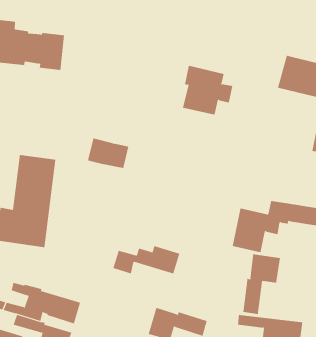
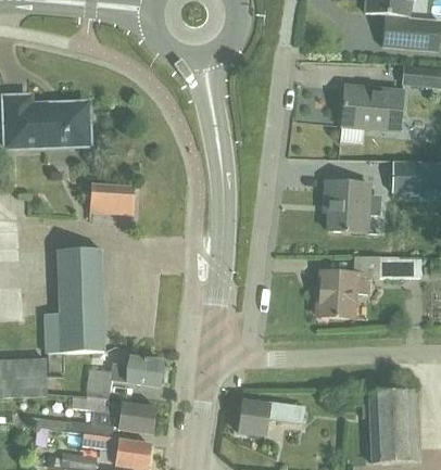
building: [182,65,233,115] -> [325,179,381,231]
building: [87,138,129,168] -> [89,183,135,213]
building: [112,246,180,274] -> [87,356,162,393]
building: [243,254,281,315] -> none

